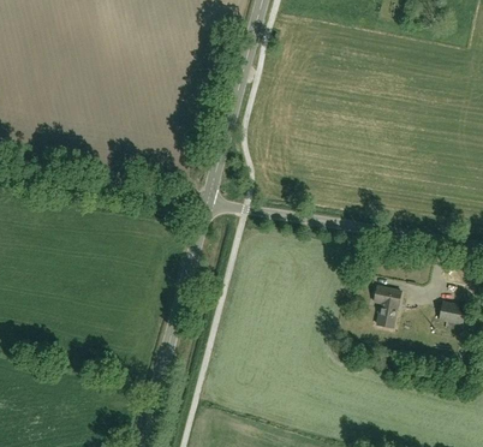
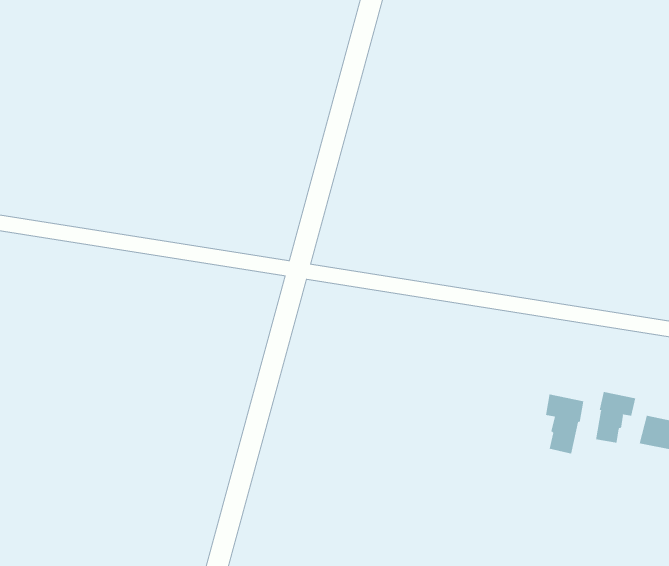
building: none -> [595,391,636,443]

